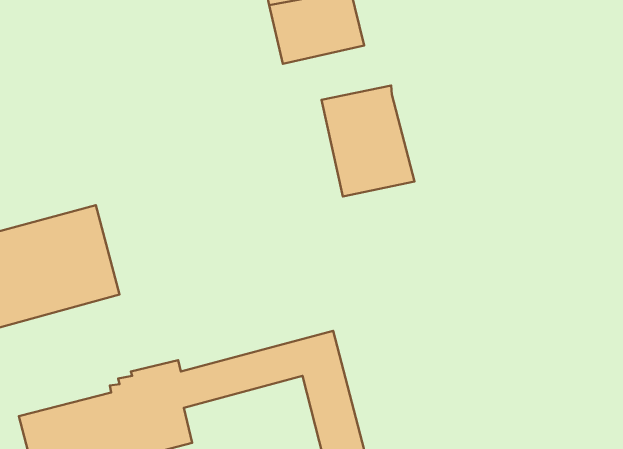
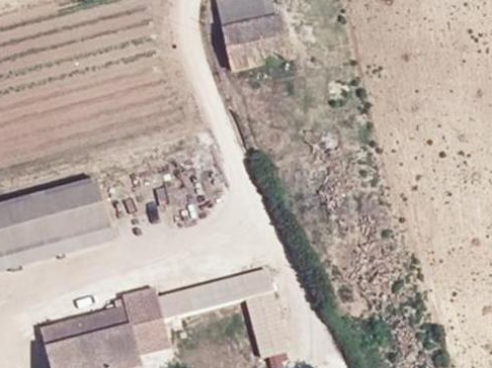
building: [321,85,414,196] -> none

